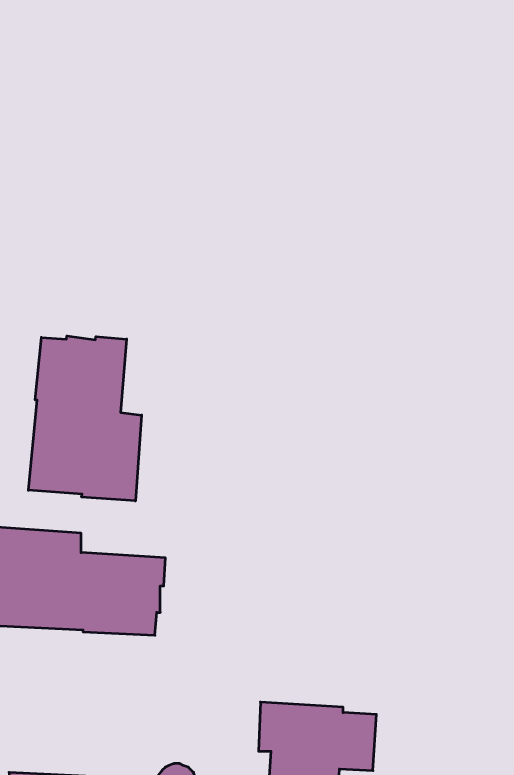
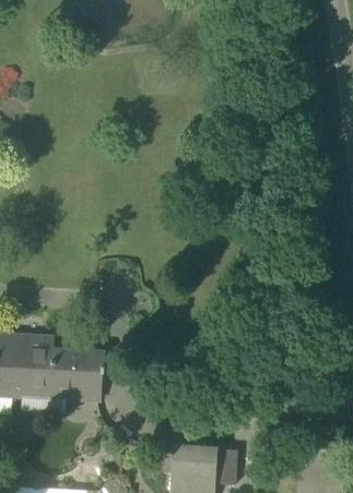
building: [28,336,142,501] -> none

